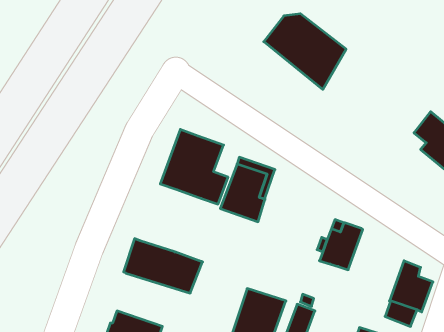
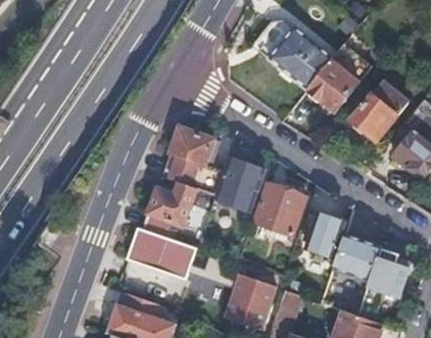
building: none -> [309,55,358,108]
building: none -> [348,80,405,139]
building: none -> [142,184,198,241]
building: none -> [254,186,306,237]
building: none -> [333,234,382,282]

